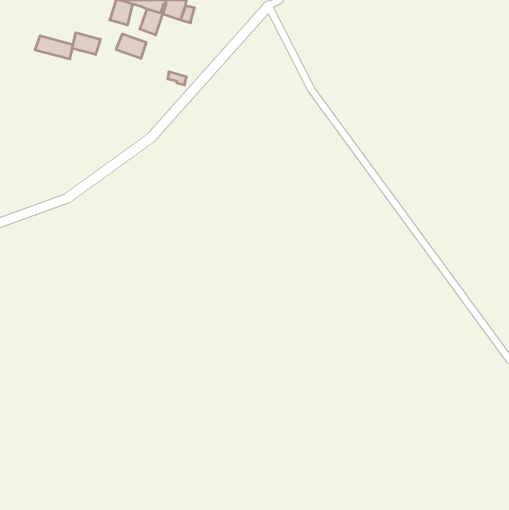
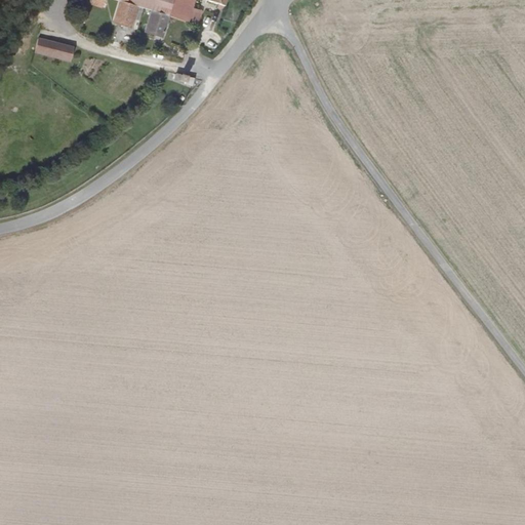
building: [72,33,100,55] -> none
building: [116,34,146,59] -> none

